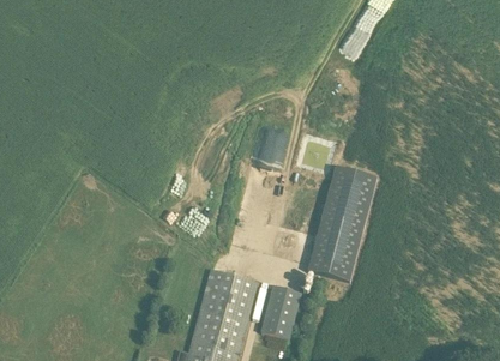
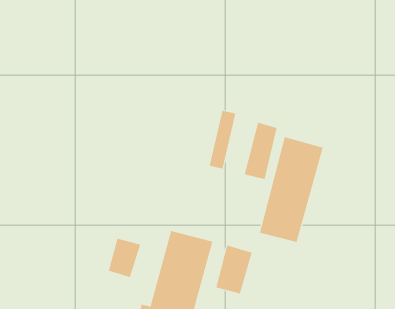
building: none -> [244,122,277,180]
building: none -> [108,238,141,278]

